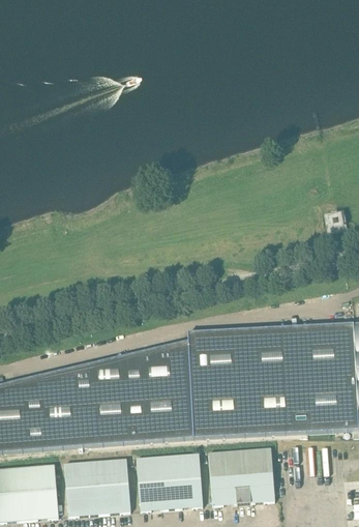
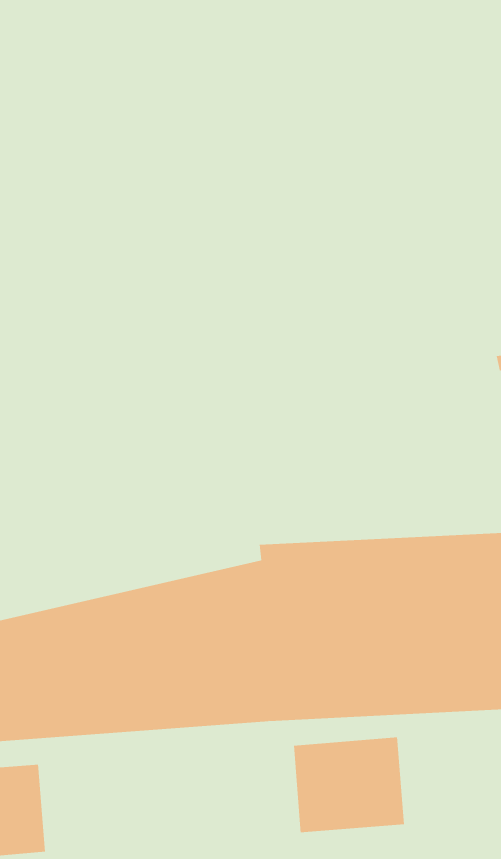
building: [137,452,203,509] -> none
building: [64,458,130,516] -> none

